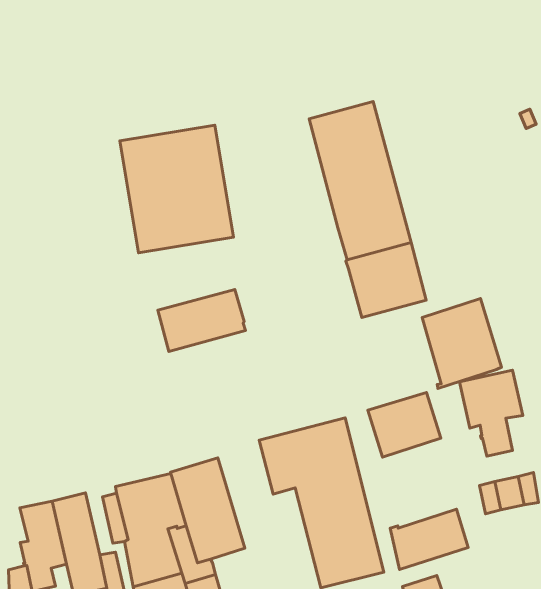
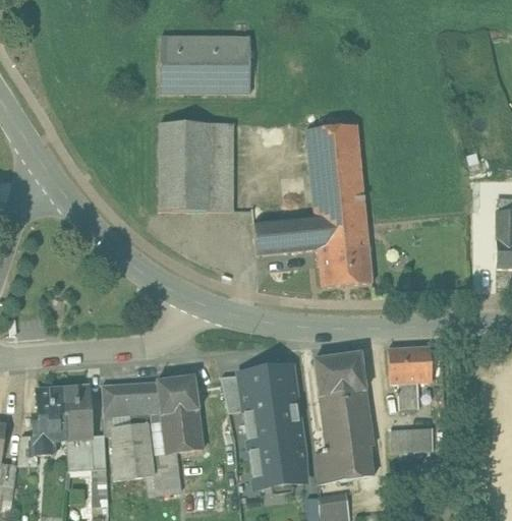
building: none -> [159,36,250,93]
building: [158,290,246,351] -> [253,216,318,254]
building: [422,298,501,388] -> [320,389,374,452]

